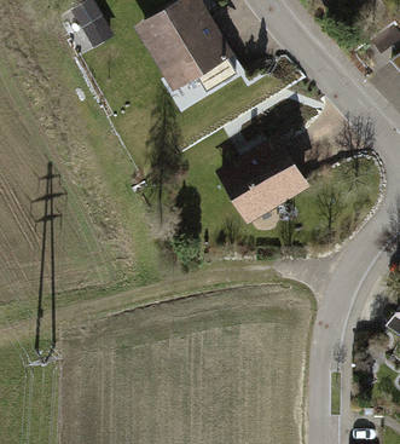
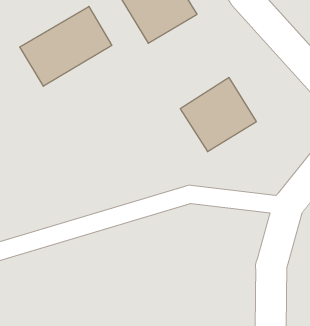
building: none -> [20,6,112,86]

